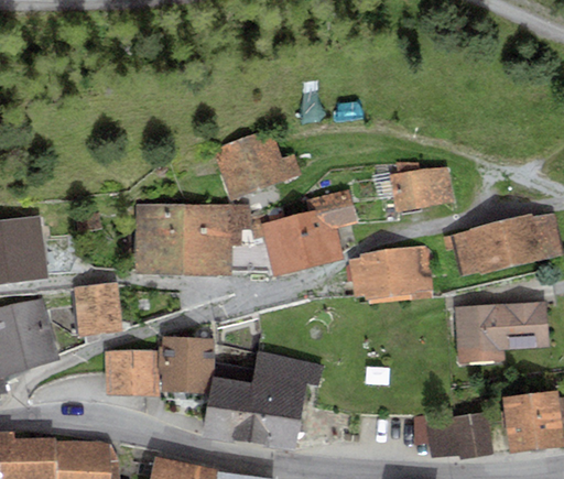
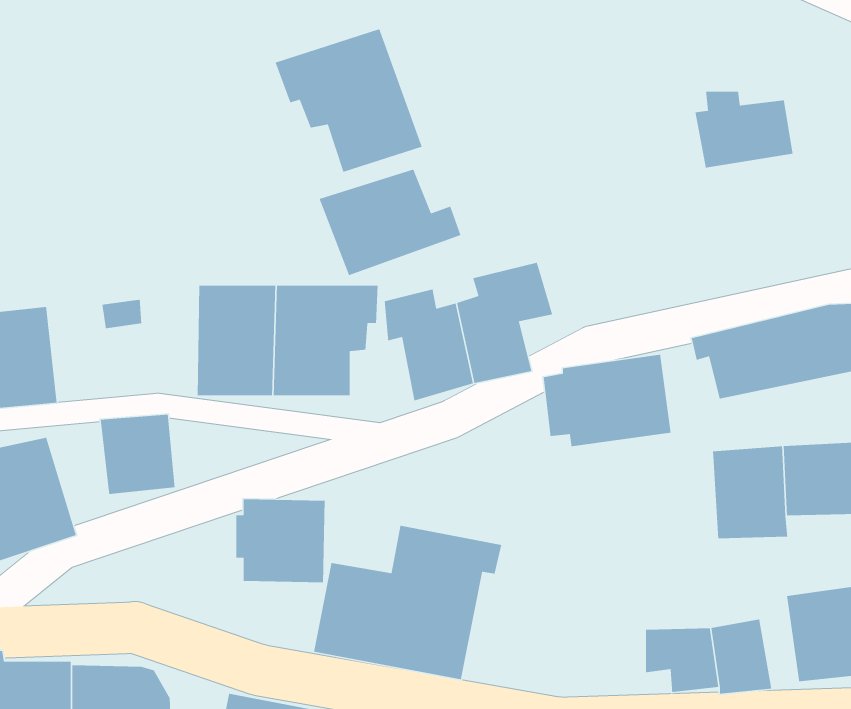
building: none -> [274,28,423,173]
building: [390,162,452,210] -> [695,91,793,168]
building: [105,350,156,398] -> none

